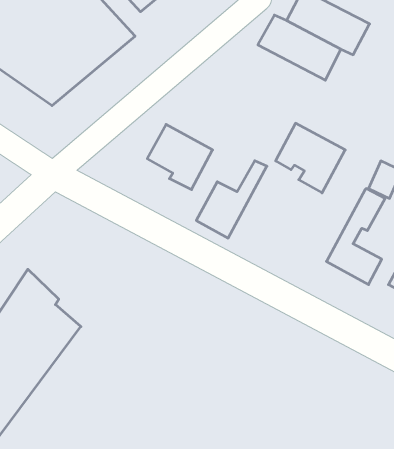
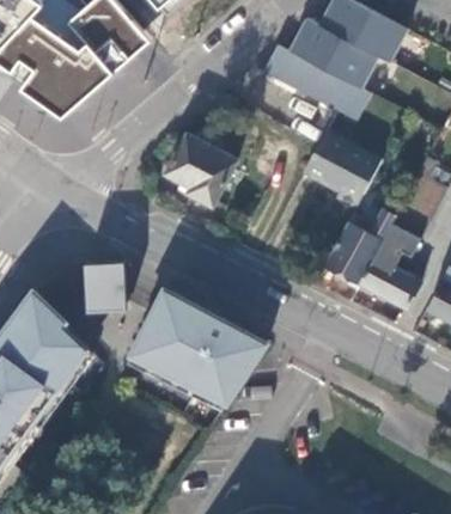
building: none -> [266,47,372,120]
building: [196,161,267,238] -> [325,201,402,284]
building: none -> [83,262,124,312]
building: none -> [123,293,266,412]

